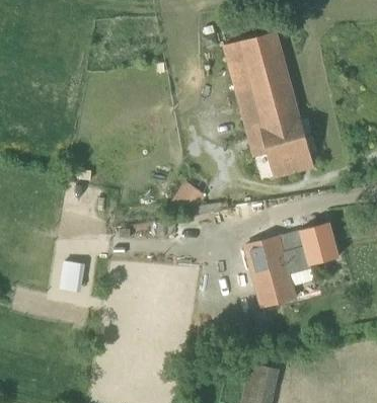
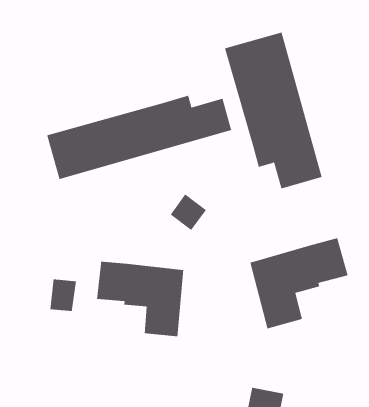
building: none -> [47,95,232,180]
building: none -> [97,261,184,337]

